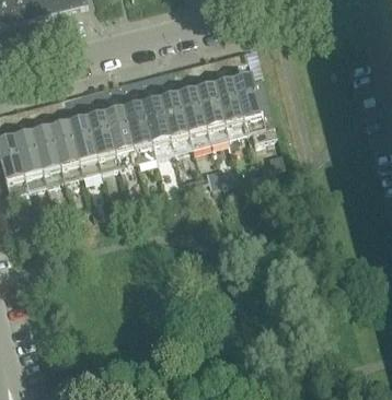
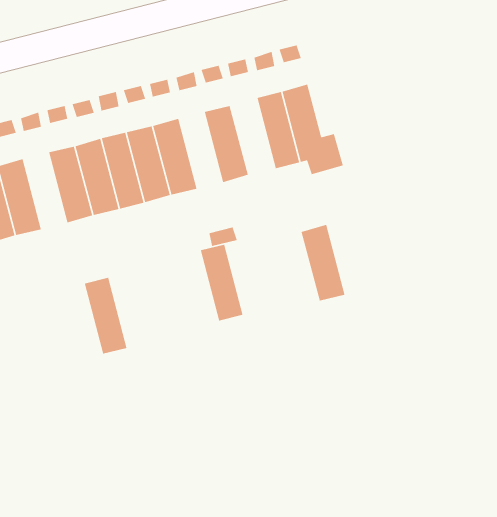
building: [201,80,233,134] -> [300,224,346,302]
building: [165,90,196,144] -> [200,244,243,321]
building: [56,118,87,173] -> [84,277,127,355]

